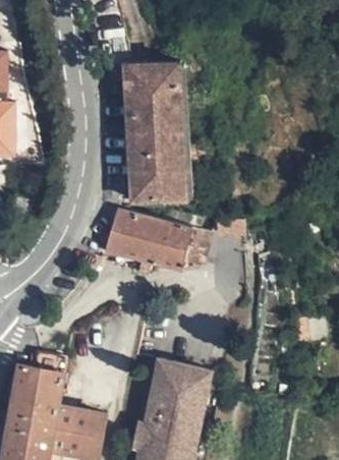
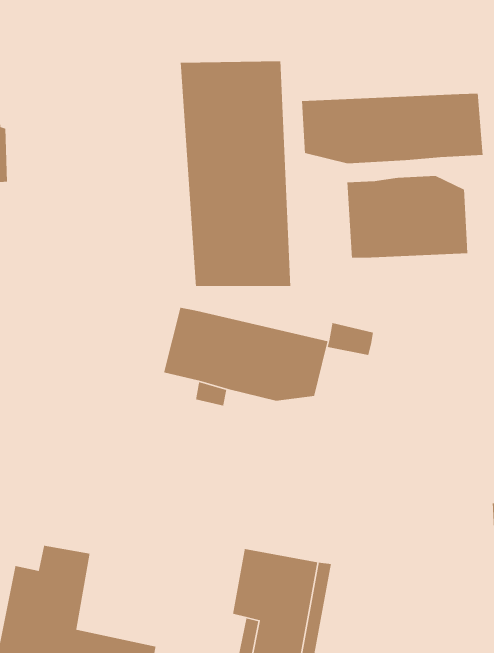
building: none -> [301,93,483,164]
building: none -> [346,175,468,259]

